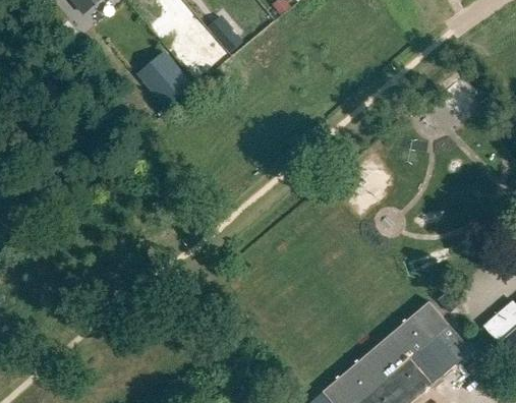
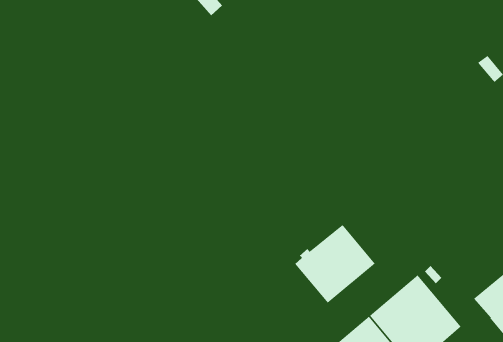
building: [138,53,190,106] -> none
building: none -> [295,224,376,303]

